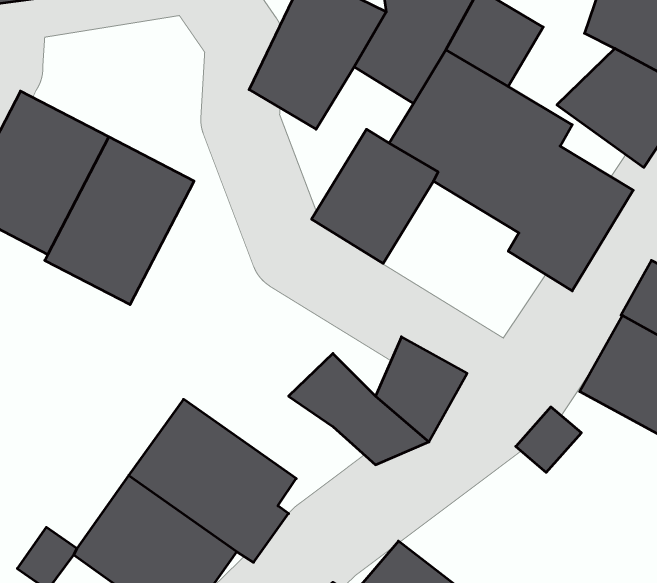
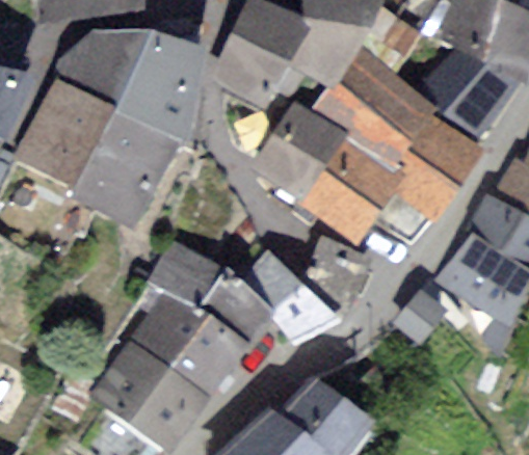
building: none -> [58,32,205,142]
building: none -> [301,139,398,238]
building: none -> [154,241,271,342]

